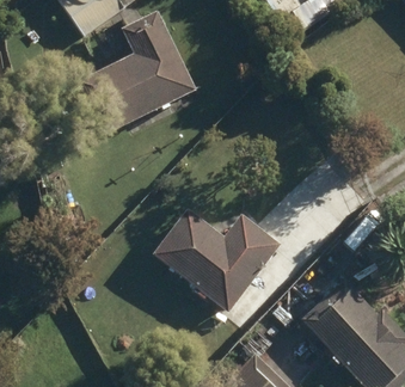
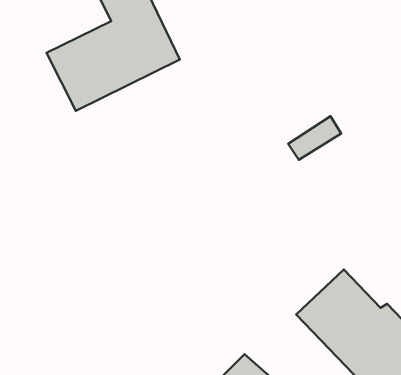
building: [153,210,278,312] -> none

